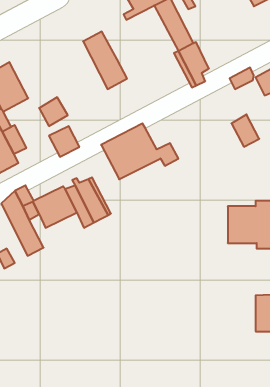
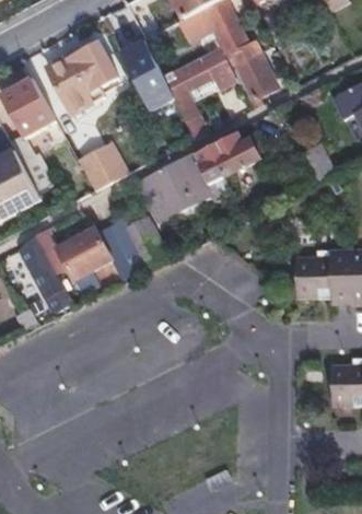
building: none -> [49,42,118,113]
building: none -> [162,51,232,139]
building: none -> [196,135,261,184]

